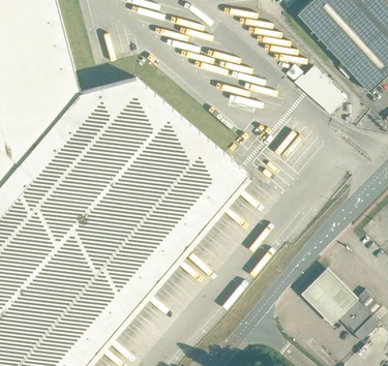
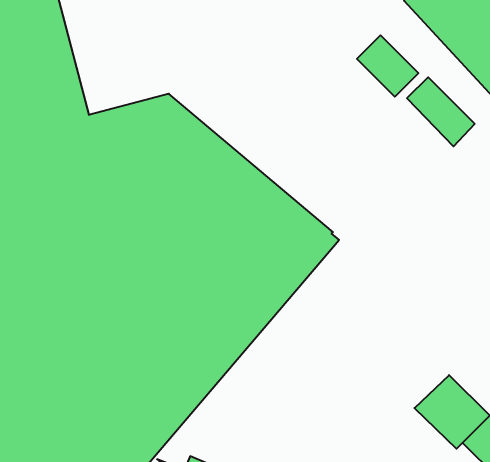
building: none -> [357,35,418,97]

